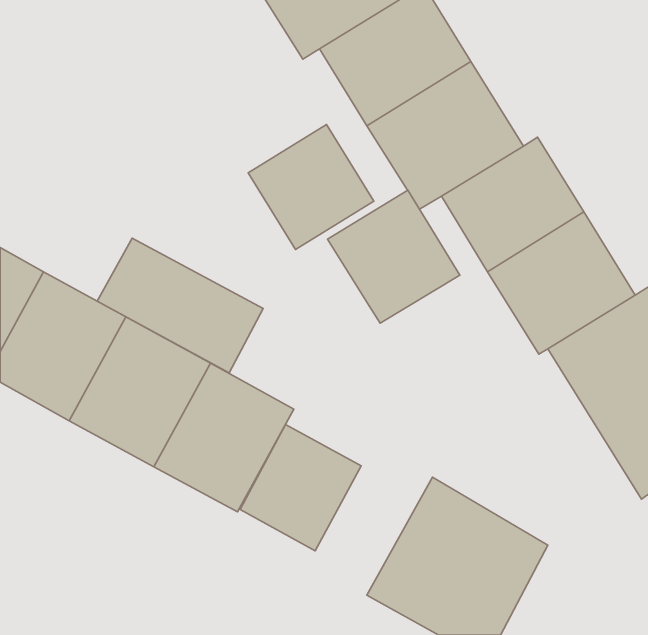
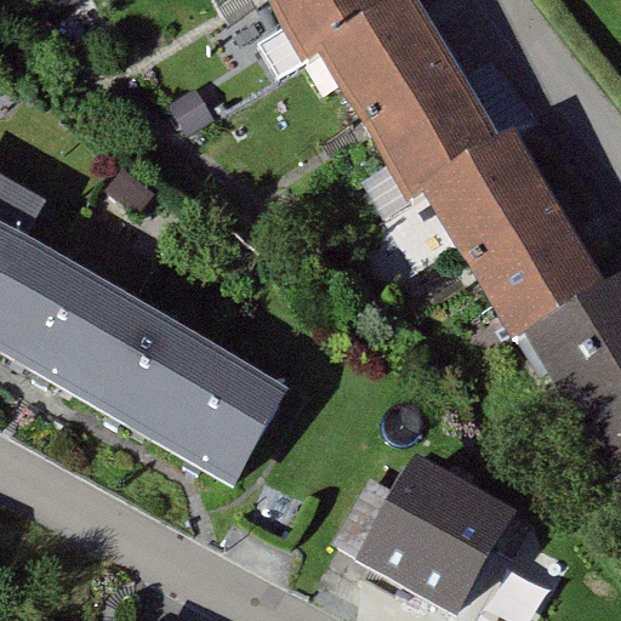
building: [248,125,374,250] -> none
building: [328,190,460,323] -> none
building: [97,238,263,373] -> none
building: [240,424,361,551] -> none

